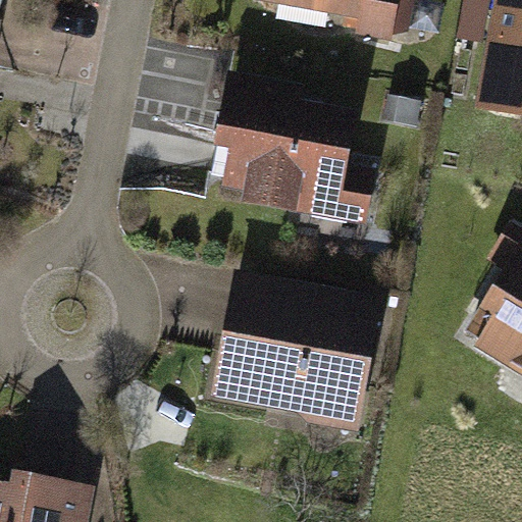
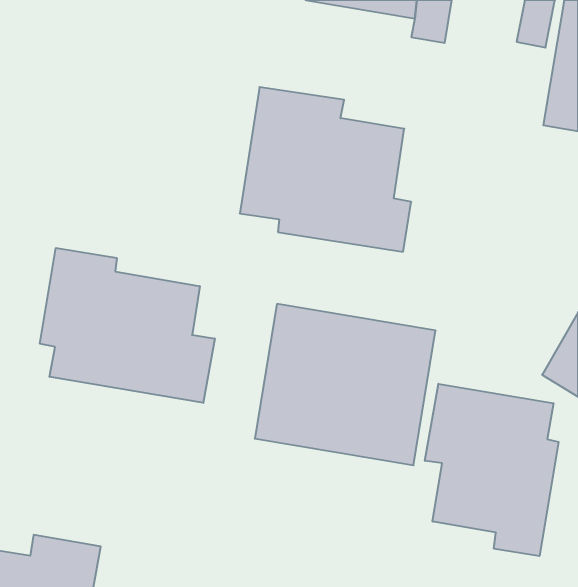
building: none -> [40,248,215,403]
building: none -> [425,384,559,556]

